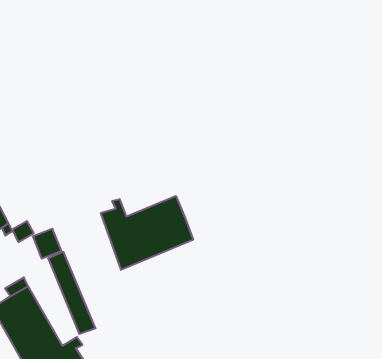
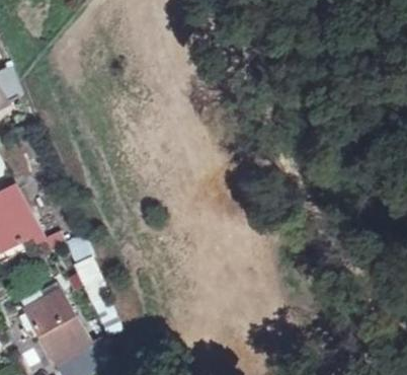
building: [101,196,193,270] -> none

